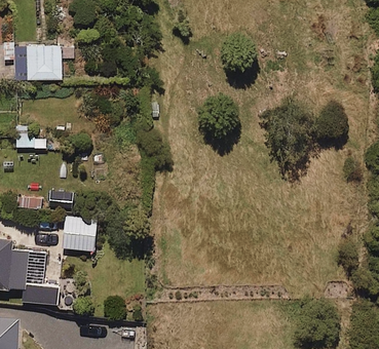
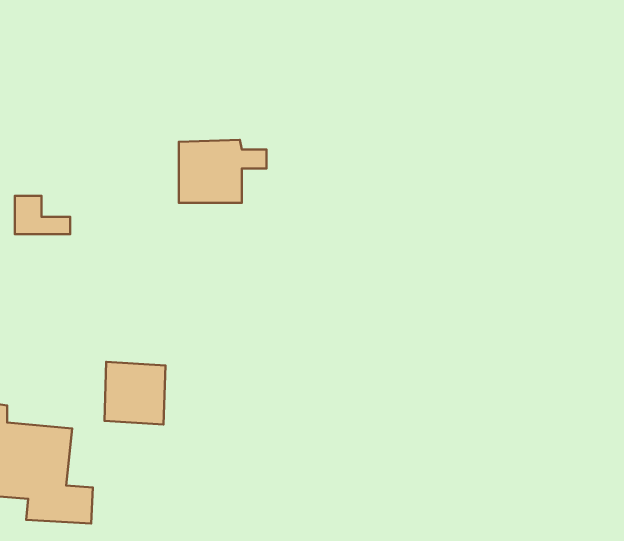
building: [28,45,75,79] -> [179,140,267,203]

